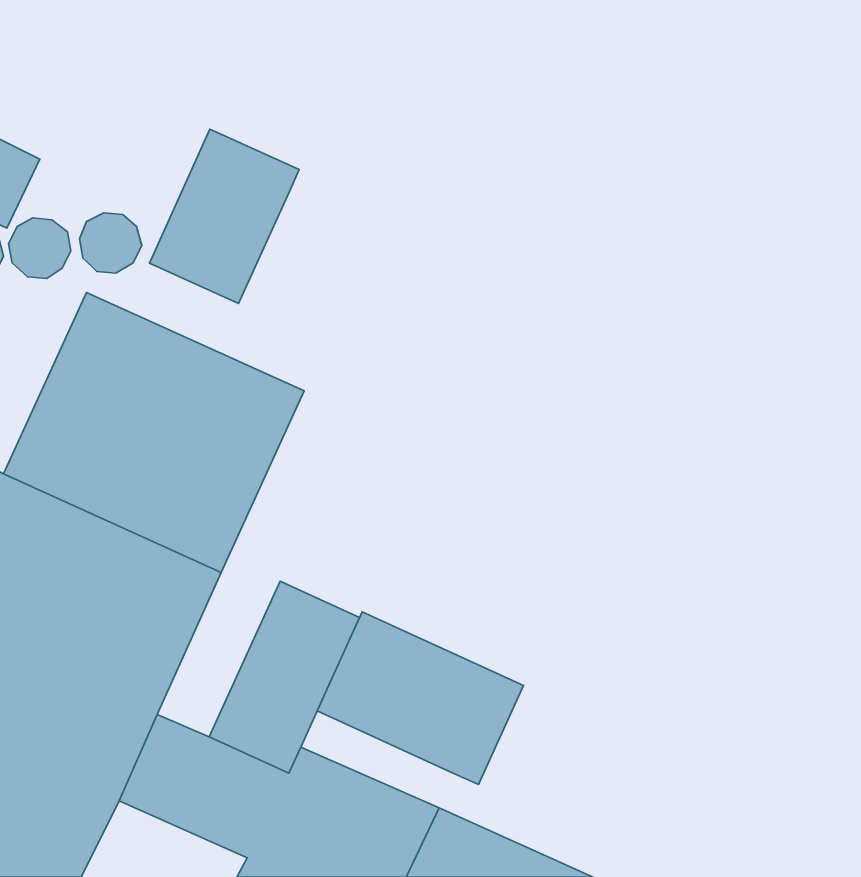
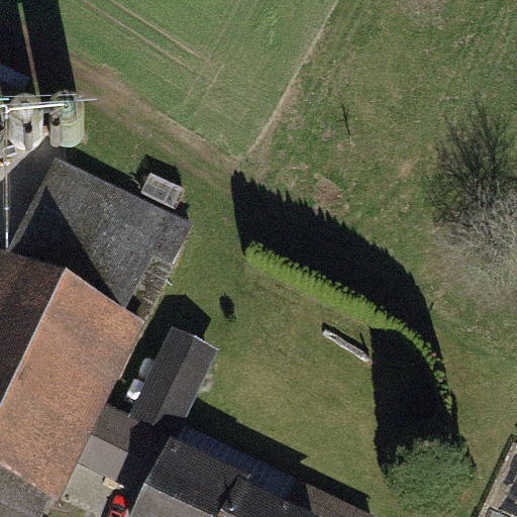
building: [149,129,299,304] -> none
building: [317,612,524,784] -> none

